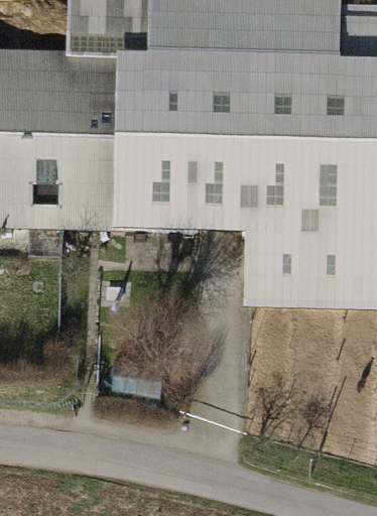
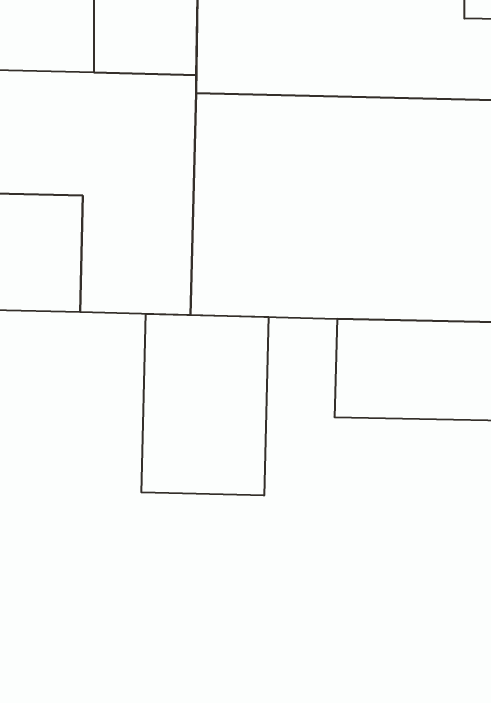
building: none -> [141,314,269,496]

